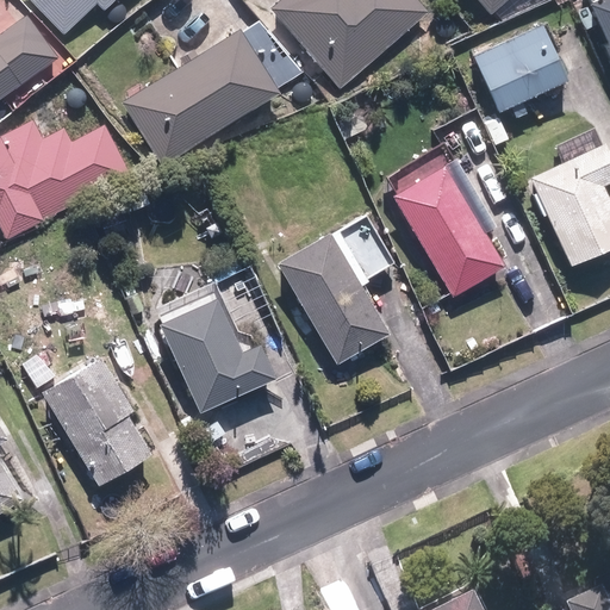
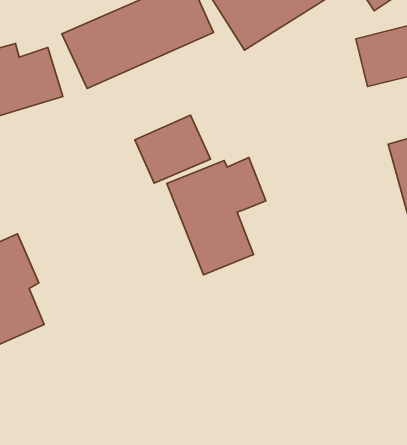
building: [391,154,506,298] -> none
building: none -> [135,115,210,183]
building: [156,293,276,413] -> none

